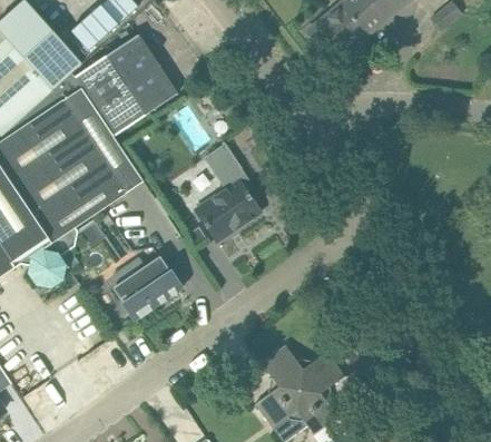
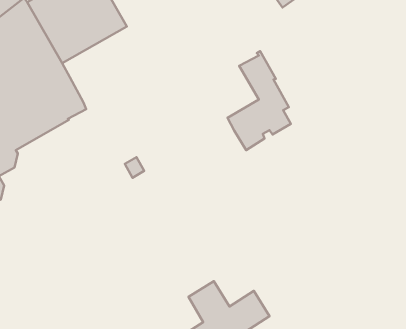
building: [196,139,261,240] -> [228,51,291,150]
building: [111,254,181,318] -> none

